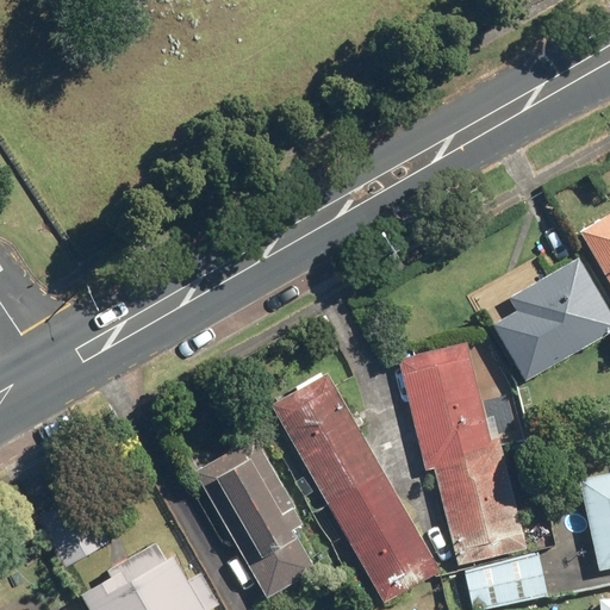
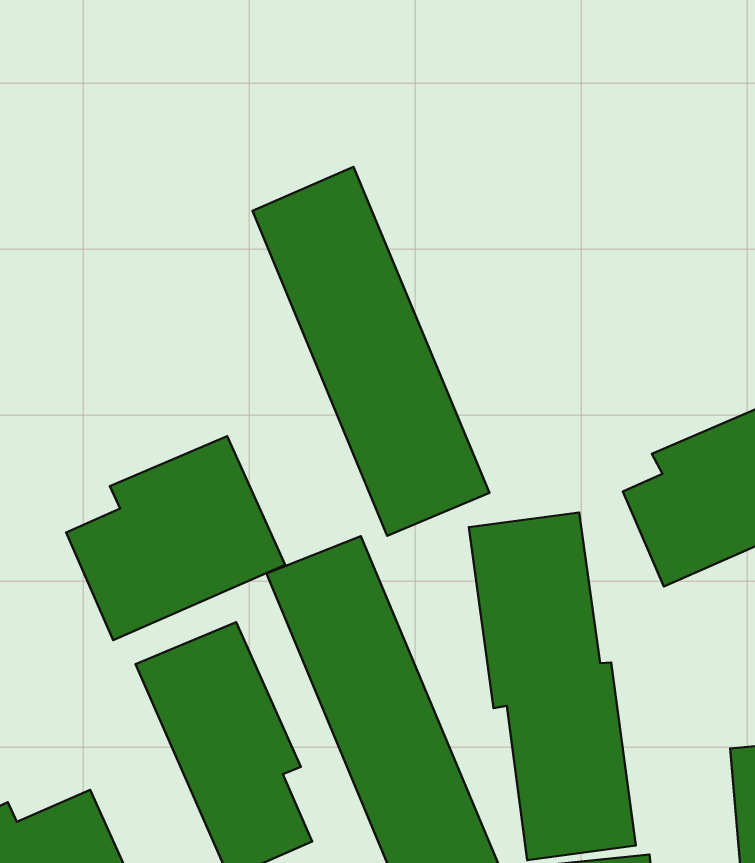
building: none -> [253,167,489,536]
building: none -> [66,436,285,640]

